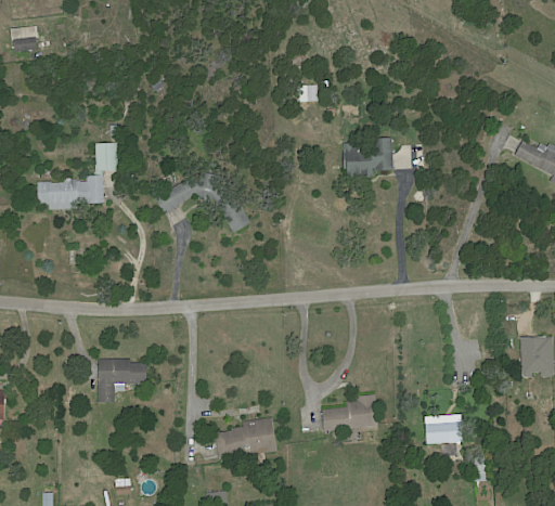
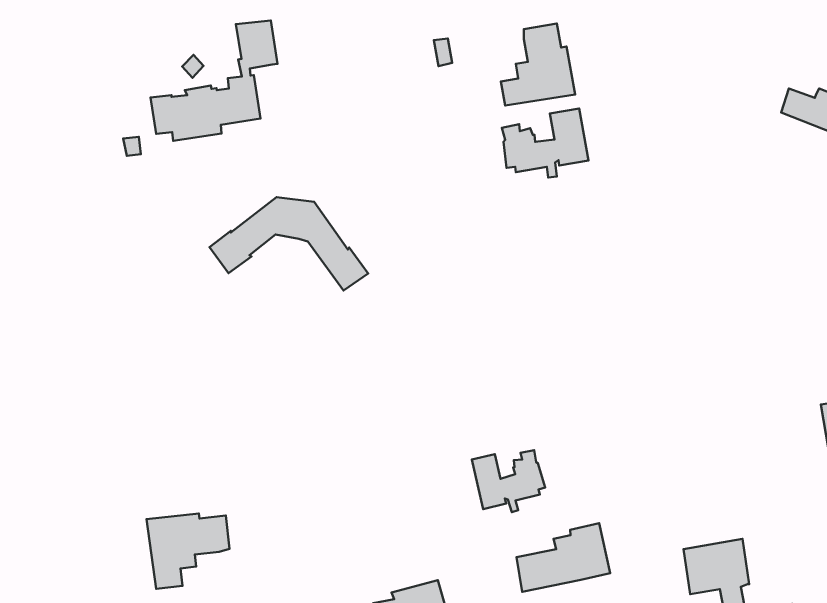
building: none -> [501,23,575,106]
building: [38,143,118,210] -> [150,20,277,141]
building: none -> [472,450,545,512]

